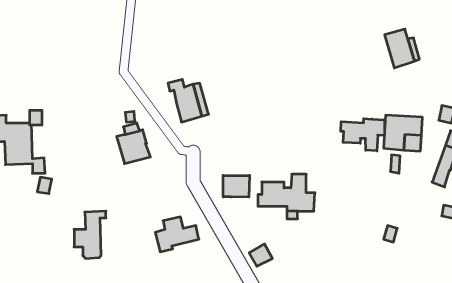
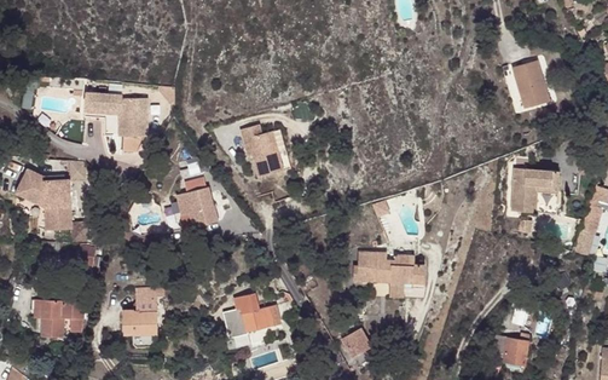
building: none -> [85,96,147,150]
building: [341,119,384,151] -> none
building: [223,175,250,197] -> none
building: none -> [37,300,83,336]
building: none -> [492,335,527,365]

